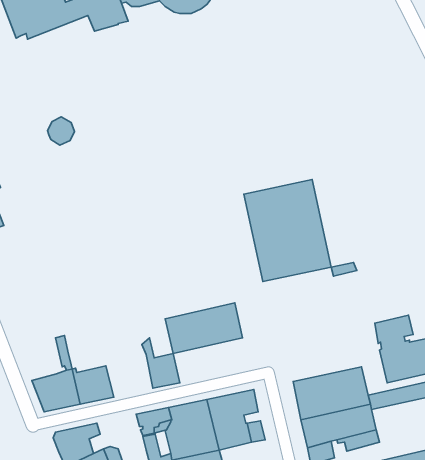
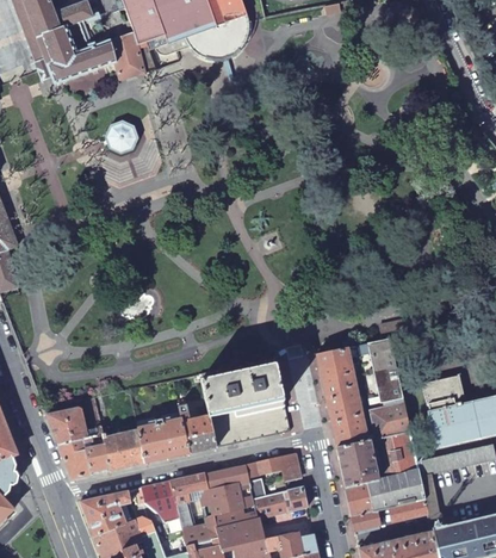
building: [48,117,75,145] -> [106,123,135,153]
building: [244,179,331,282] -> [316,337,409,446]
building: none -> [209,399,290,447]
building: none -> [46,408,85,445]
building: none -> [136,417,187,463]
building: none -> [137,480,180,522]

